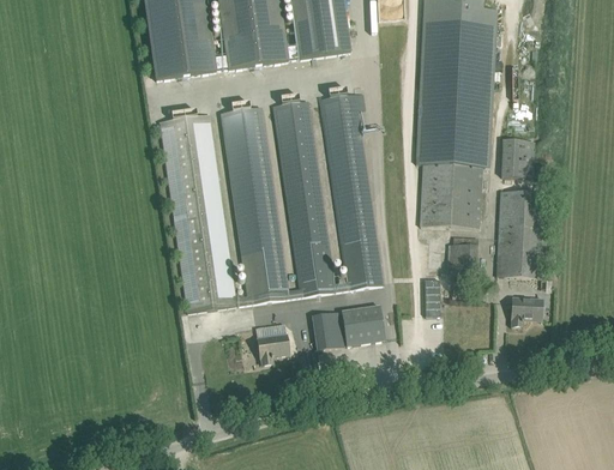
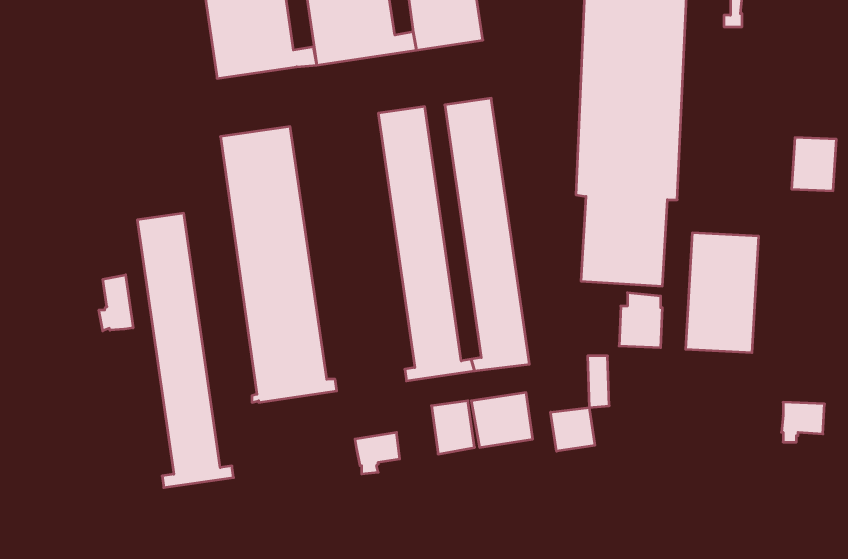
building: [224,106,294,303] -> [137,213,234,488]
building: [501,138,534,176] -> [792,138,836,191]
building: none -> [99,275,133,331]
building: [511,296,542,325] -> [781,402,825,442]
building: none -> [551,407,595,451]

